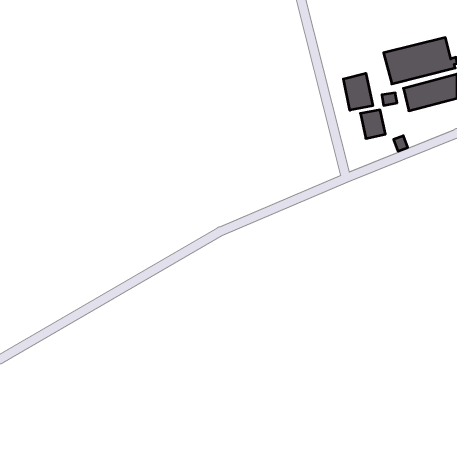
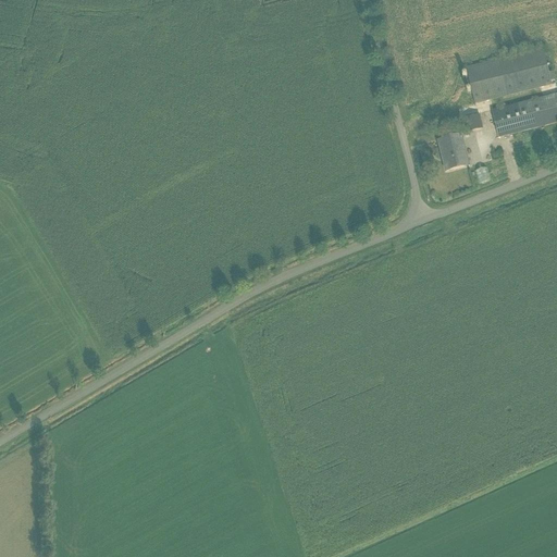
building: [343,73,373,110] -> none

